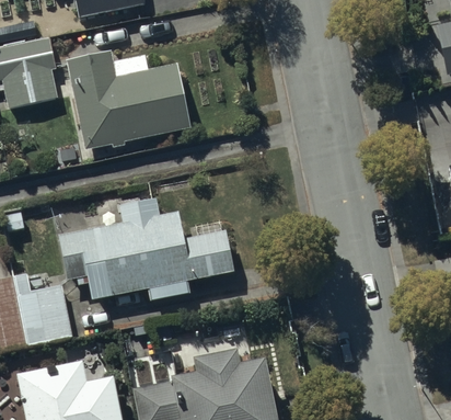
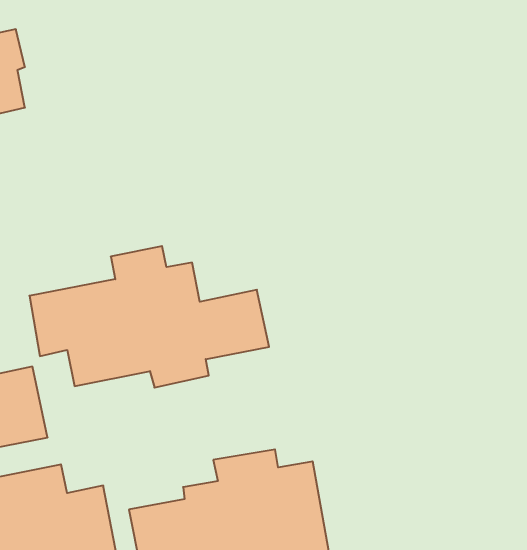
building: [68,50,192,150] -> none

